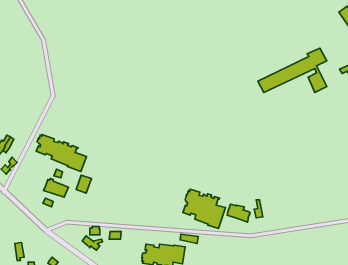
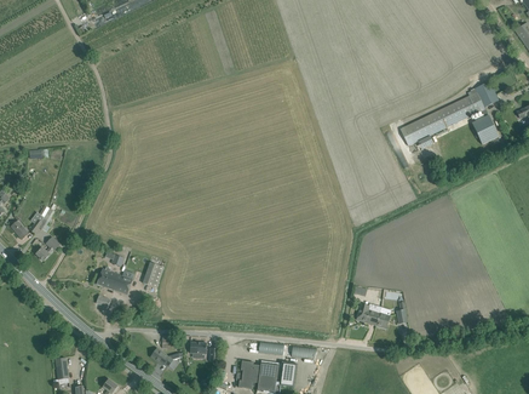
building: [36,134,86,171] -> none
building: [183,189,225,229] -> none

